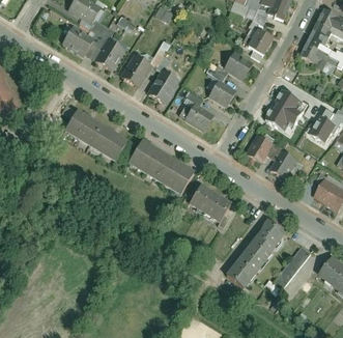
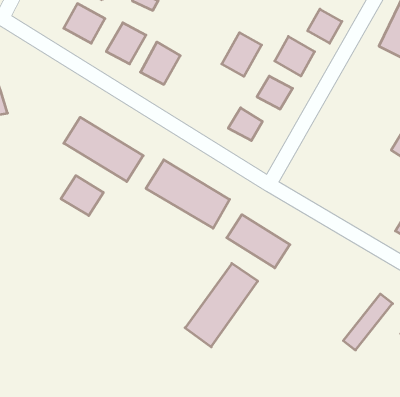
building: [149,69,179,103] -> [222,33,262,76]
building: [265,91,304,133] -> none
building: [245,135,273,164] -> none
building: [269,150,297,179] -> none
building: none -> [61,176,103,216]
building: [230,221,285,284] -> [185,263,258,347]

